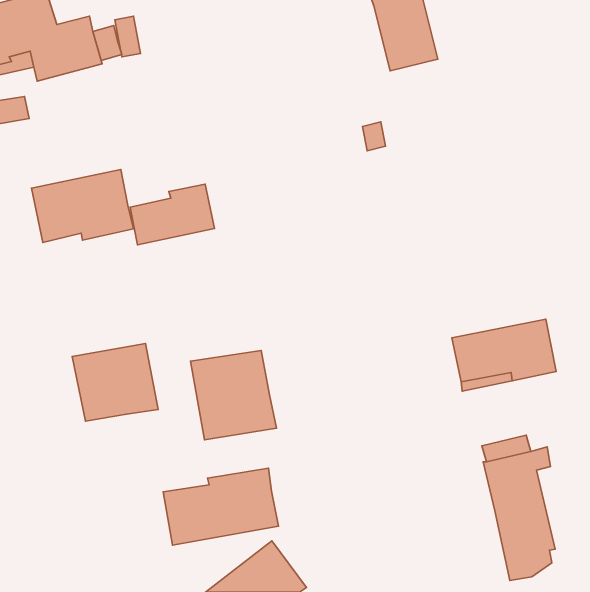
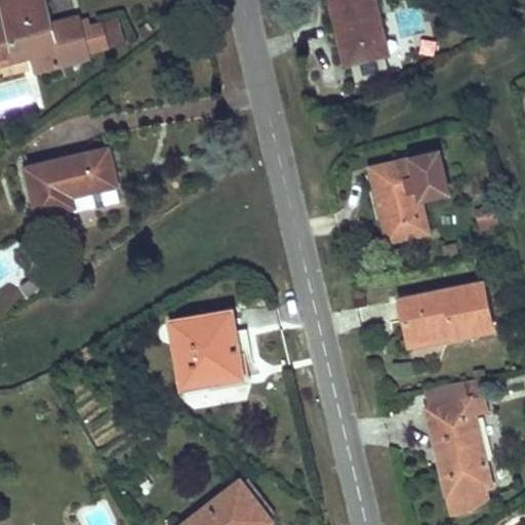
building: none -> [370,153,440,242]
building: [130,184,214,245] -> none
building: [72,344,158,421] -> none
building: [163,468,278,545] -> none

